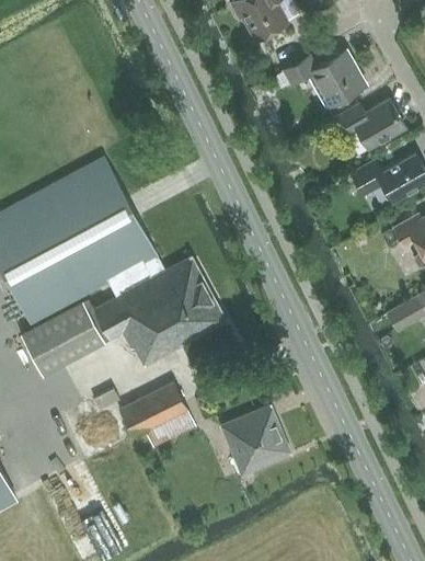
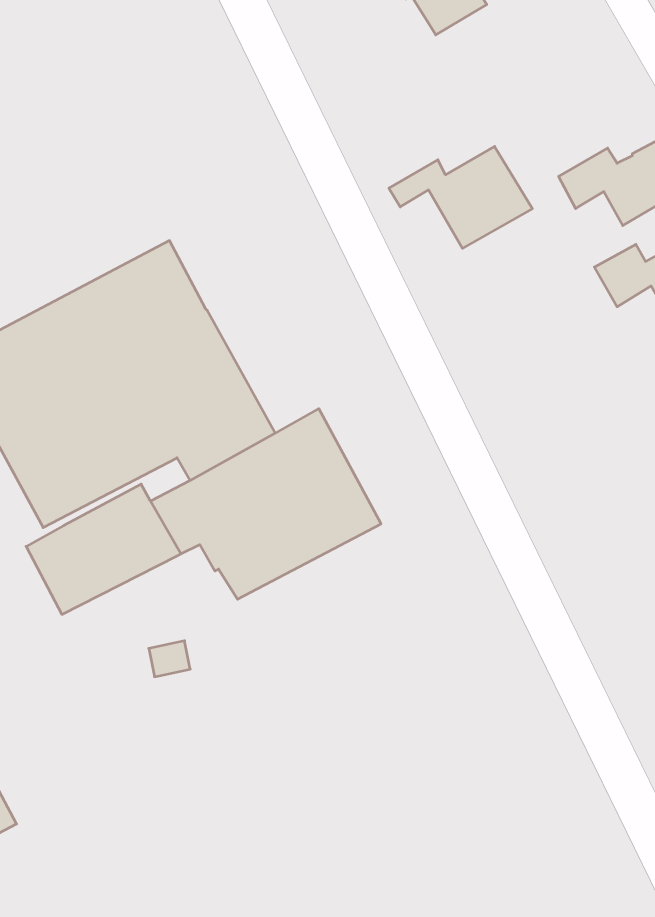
building: [283,48,366,107] -> [389,146,532,248]
building: [119,382,196,448] -> none
building: [221,405,291,476] -> none

